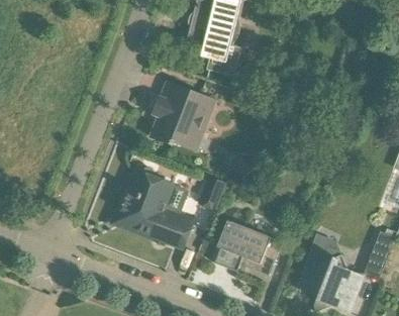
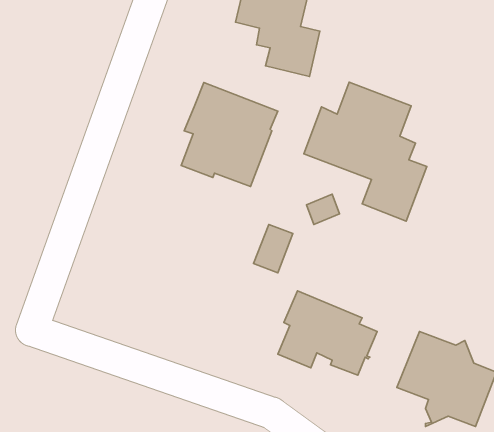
building: none -> [304,82,427,221]
building: [112,166,194,247] -> none

